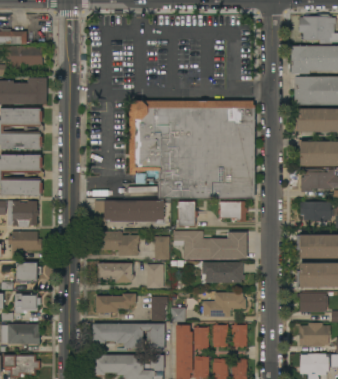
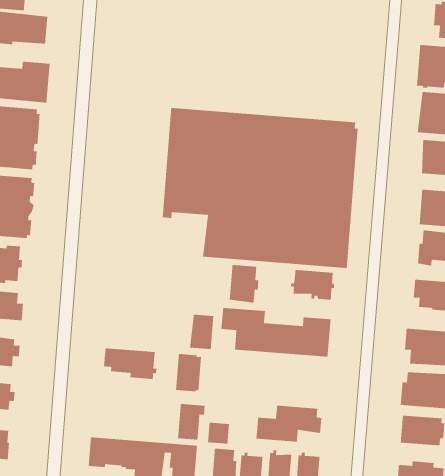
building: [94,201,164,226] -> none
building: [94,231,139,256] -> none
building: [203,263,245,283] -> none
building: [96,294,136,313] -> none

